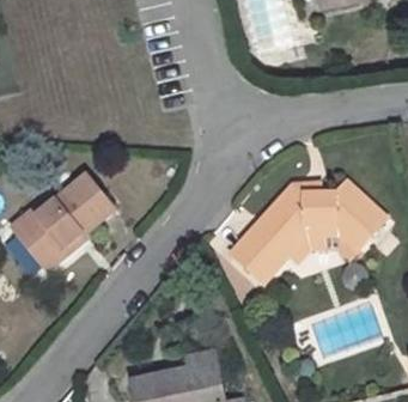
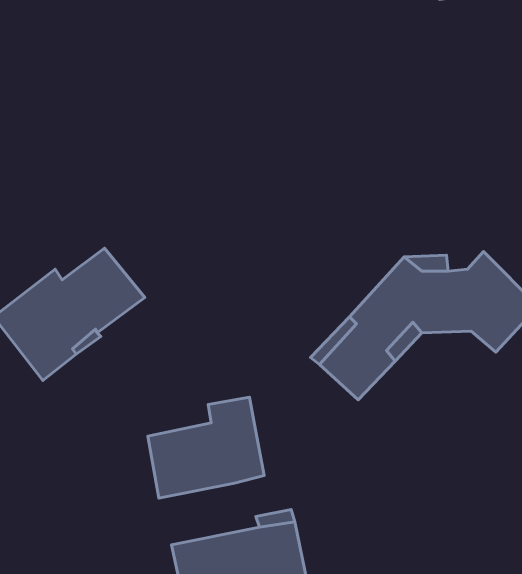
building: none -> [148,397,264,498]

